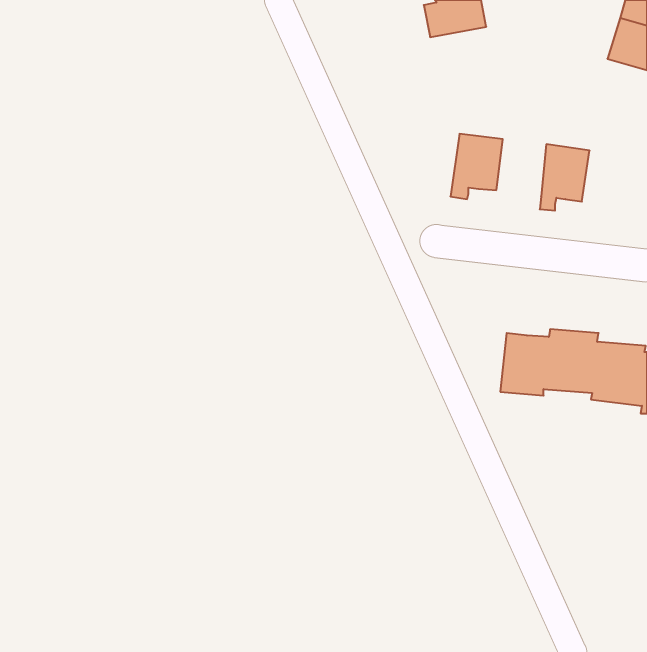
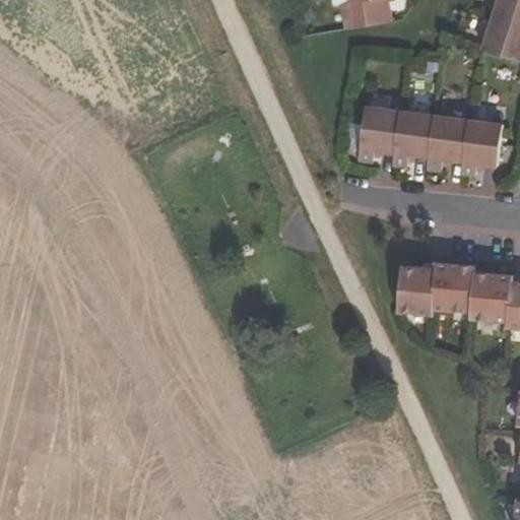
building: none -> [393,111,435,164]
building: none -> [462,120,503,173]

